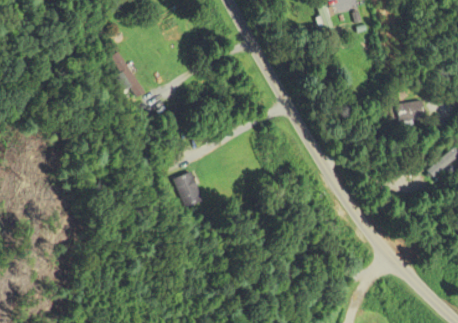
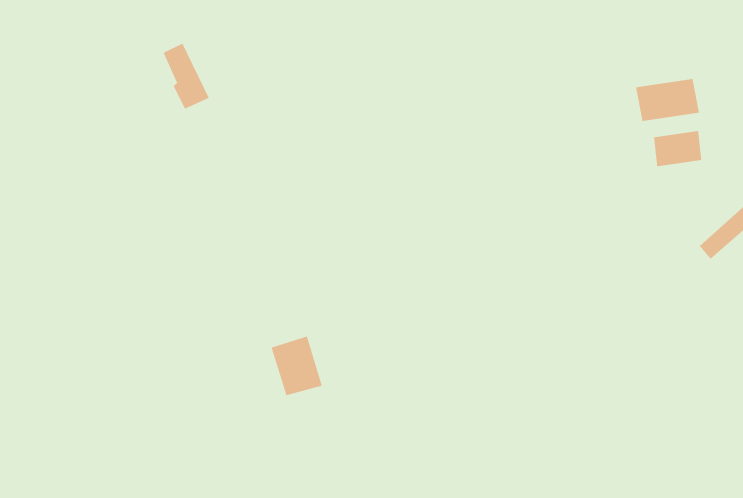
building: none -> [635,78,700,122]
building: [168,171,199,207] -> [271,336,323,396]

